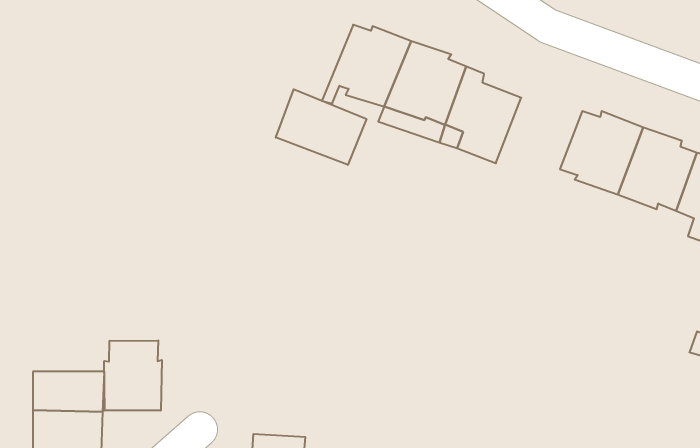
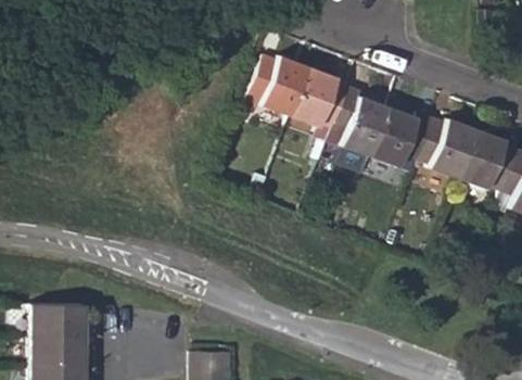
building: [276,89,366,165] -> none
building: none -> [371,107,434,165]
building: [104,340,162,411] -> none

